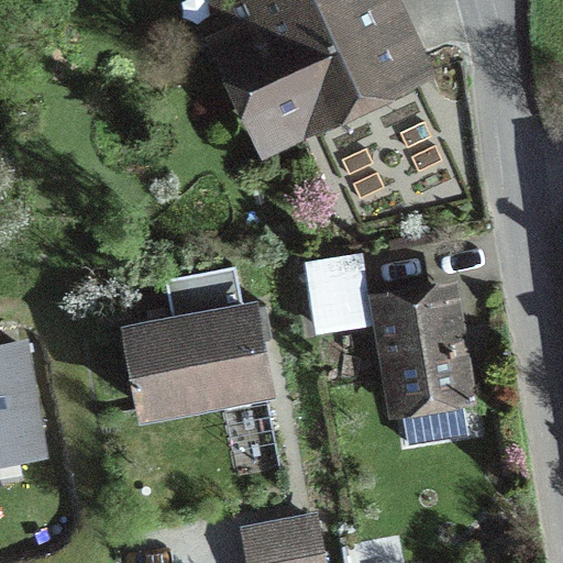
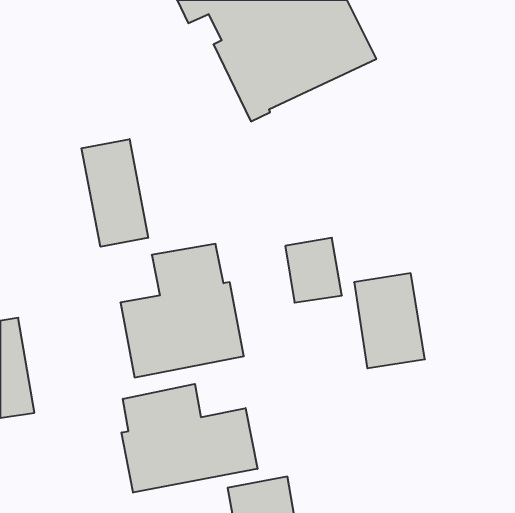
building: none -> [81,139,148,247]
building: none -> [122,384,257,493]

